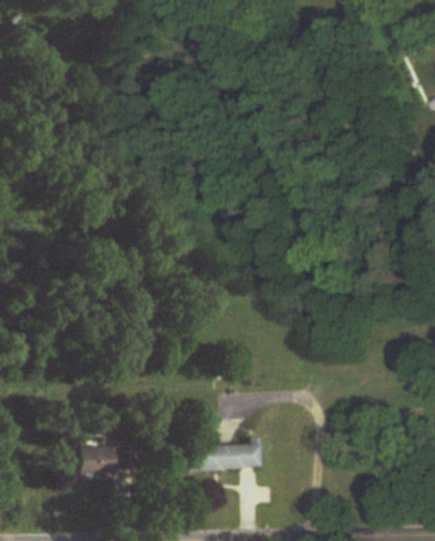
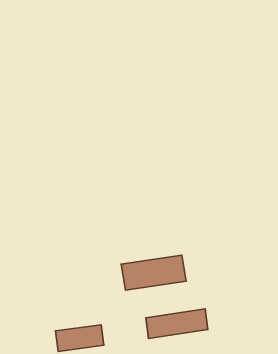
building: none -> [121,255,186,290]

